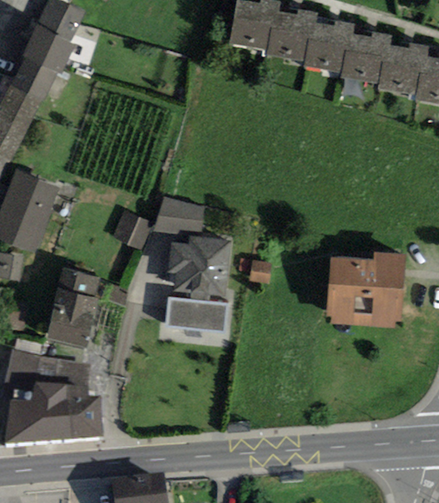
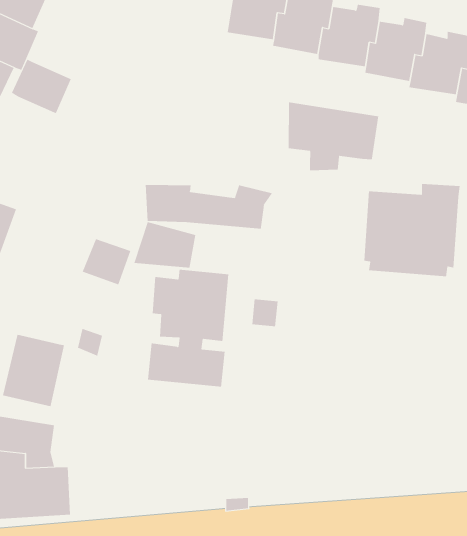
building: none -> [11,59,72,114]
building: none -> [288,101,379,171]
building: none -> [145,184,273,230]
building: [326,252,405,328] -> [363,183,460,277]
building: [58,268,98,297] -> none

